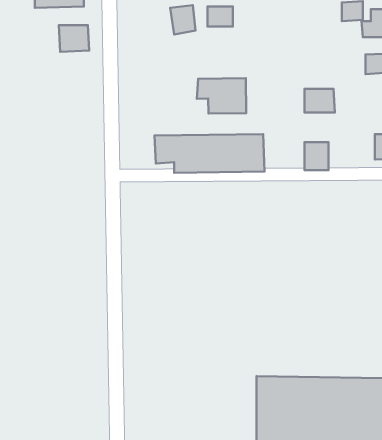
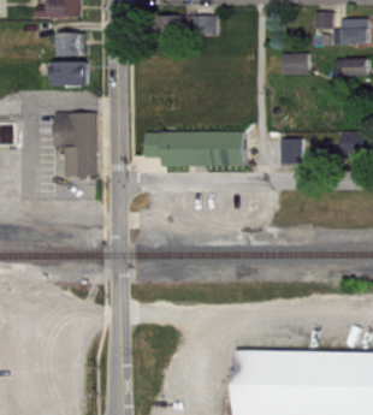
building: none -> [53,61,85,85]
building: [197,78,246,114] -> none
building: [304,89,335,113] -> [280,53,308,75]
building: none -> [53,112,95,176]

